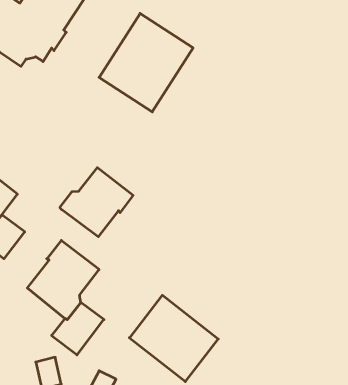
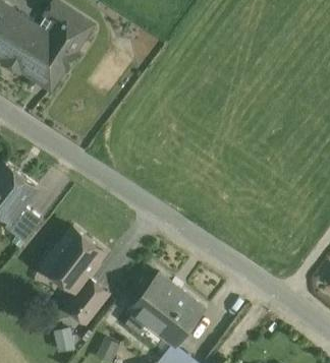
building: [99,13,193,112] -> none
building: [60,168,133,237] -> none

